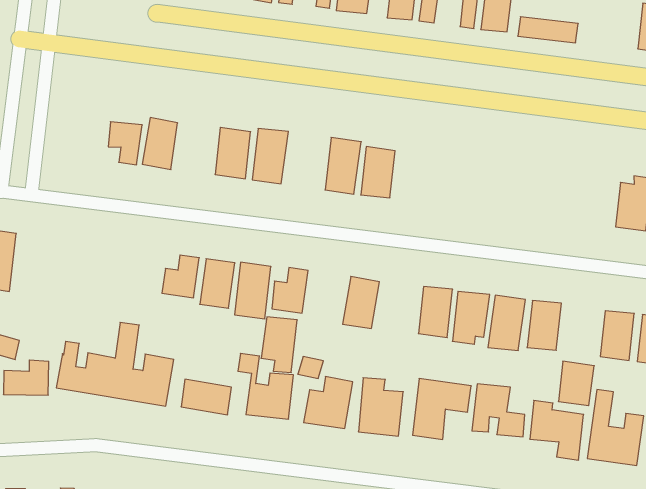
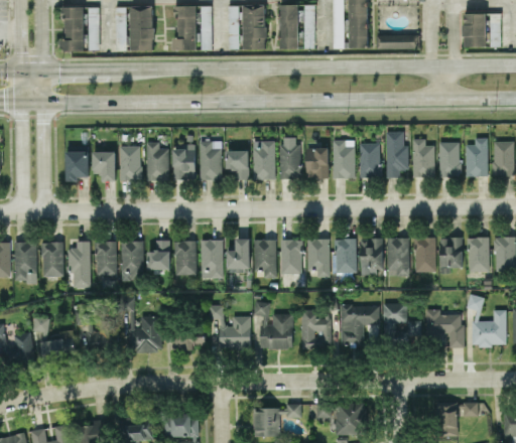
building: none -> [64,150,89,181]
building: none -> [145,142,168,180]
building: none -> [226,150,248,179]
building: none -> [384,131,407,177]
building: none -> [332,140,354,178]
building: none -> [305,148,328,178]
building: none -> [358,143,379,177]
building: none -> [411,139,434,177]
building: none -> [438,142,460,176]
building: none -> [40,242,62,276]
building: none -> [69,241,90,287]
building: none -> [94,241,116,276]
building: none -> [120,241,143,280]
building: none -> [306,239,329,277]
building: [261,317,297,372] -> [253,239,276,278]
building: [558,361,594,406] -> [438,238,462,267]

